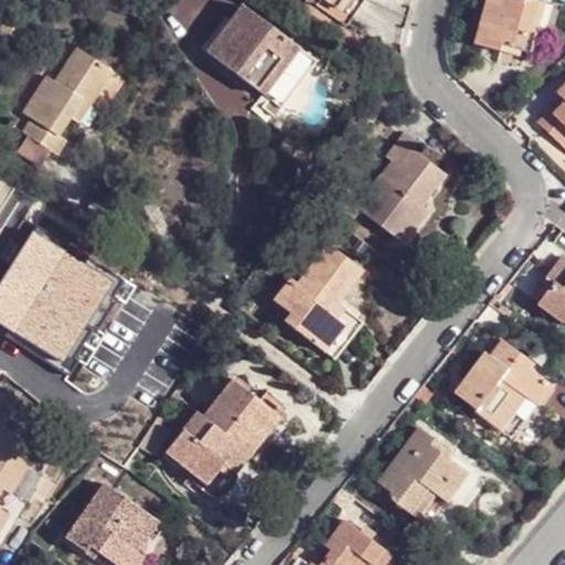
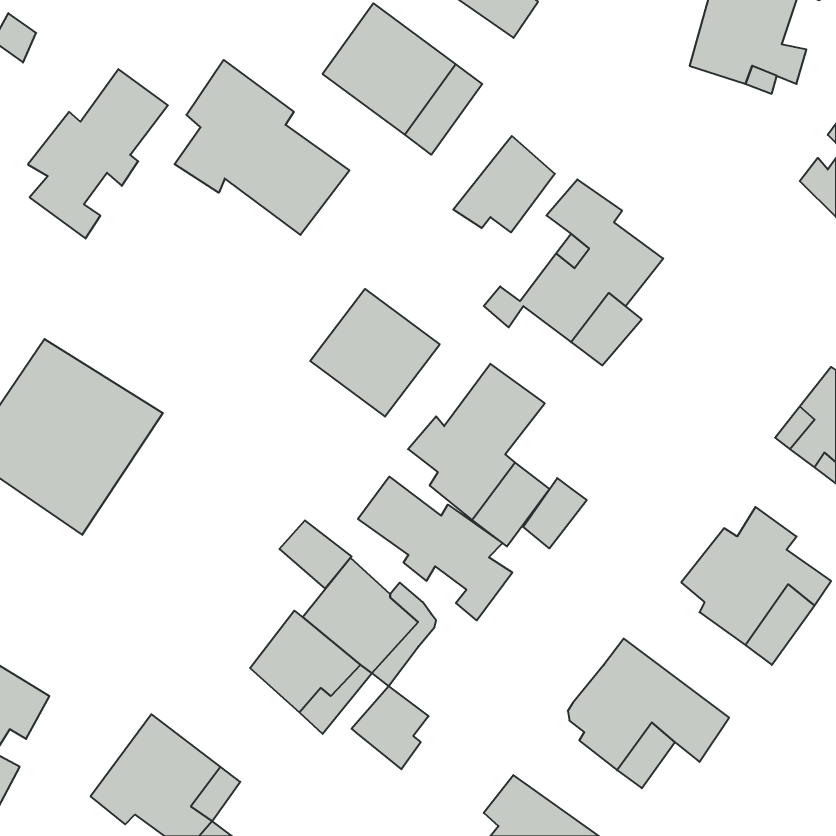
building: none -> [175,60,349,235]
building: none -> [453,136,555,232]
building: none -> [310,289,440,417]
building: none -> [358,477,512,620]
building: none -> [523,478,587,548]
building: none -> [279,520,352,588]
building: none -> [352,686,429,769]

